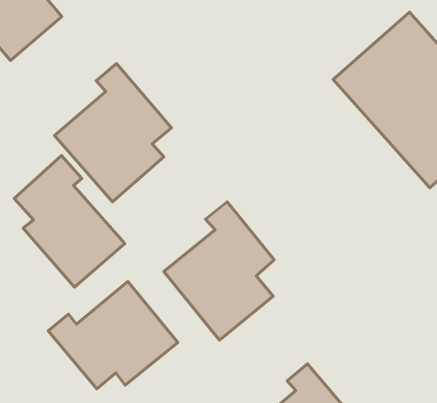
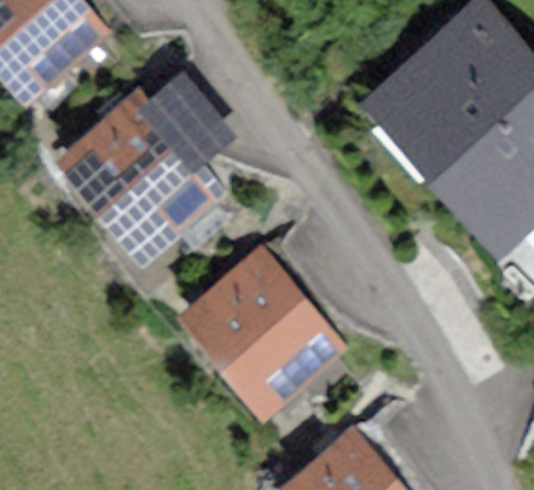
building: [14,156,125,287] -> none
building: [48,281,178,389] -> none

